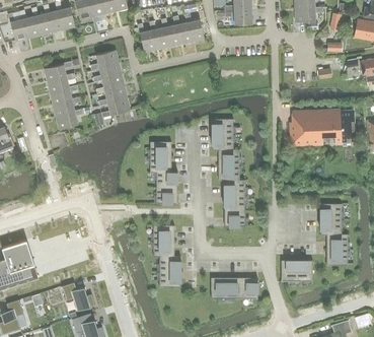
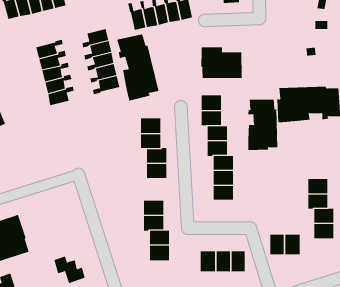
building: none -> [117,33,159,102]
building: none -> [201,47,242,79]
building: none -> [248,99,278,151]

